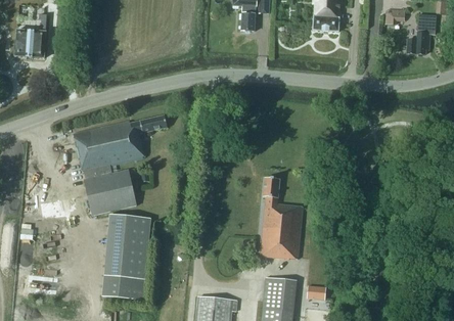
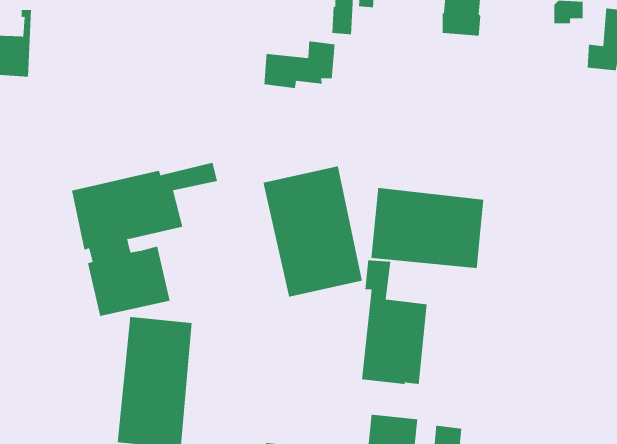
building: none -> [264,41,335,89]
building: none -> [263,165,363,298]
building: none -> [371,187,484,269]

